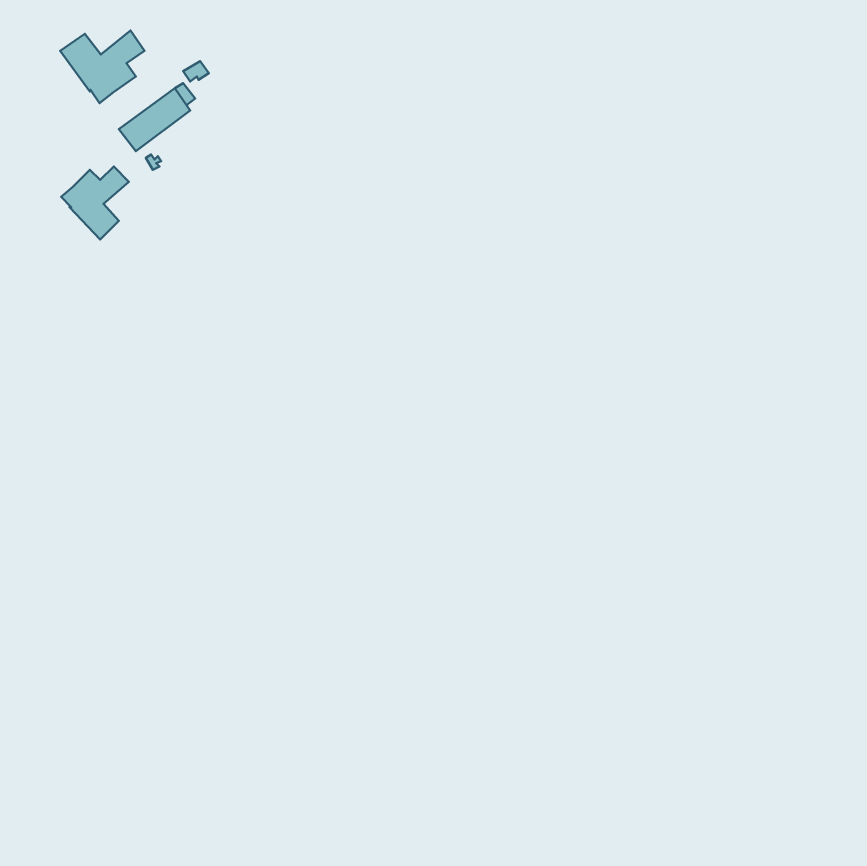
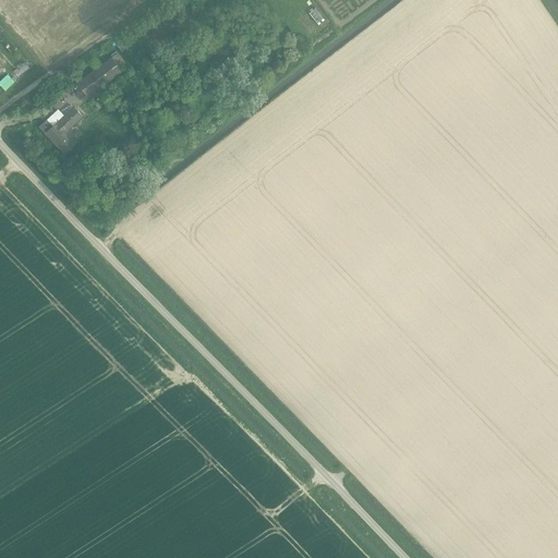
building: [60,31,144,103] -> none

